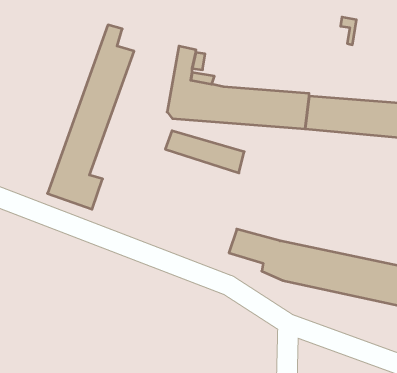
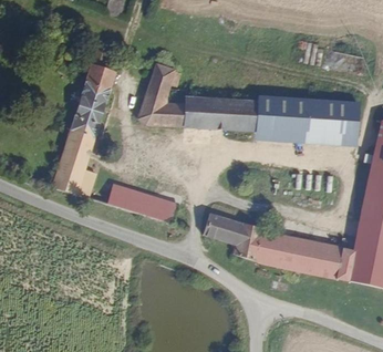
building: [165,131,244,173] -> [110,190,176,226]

